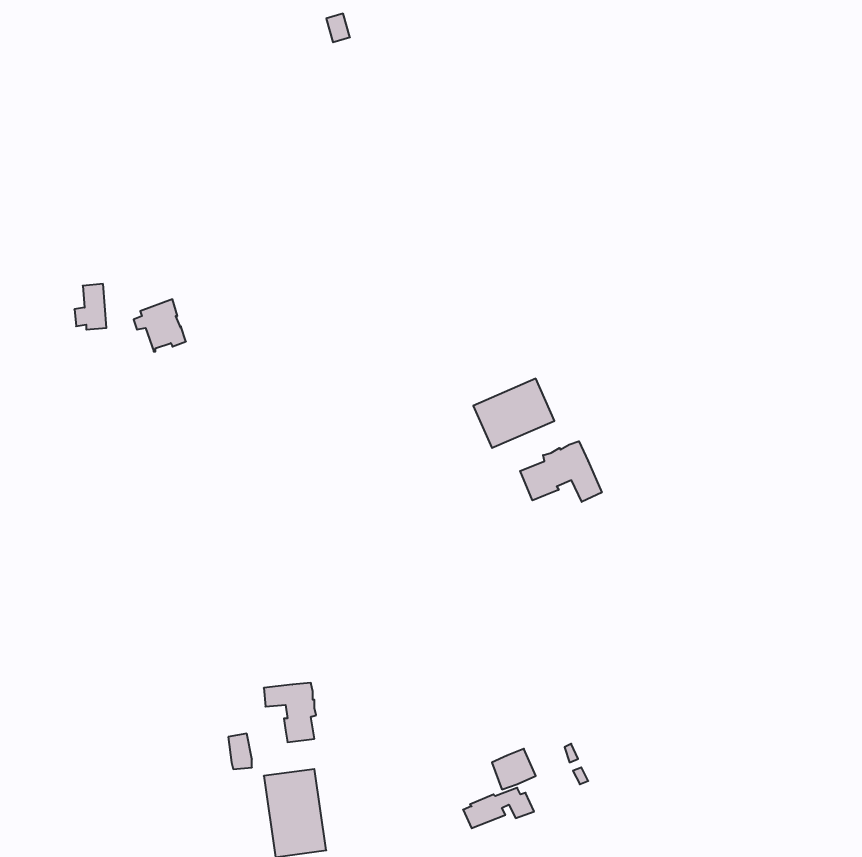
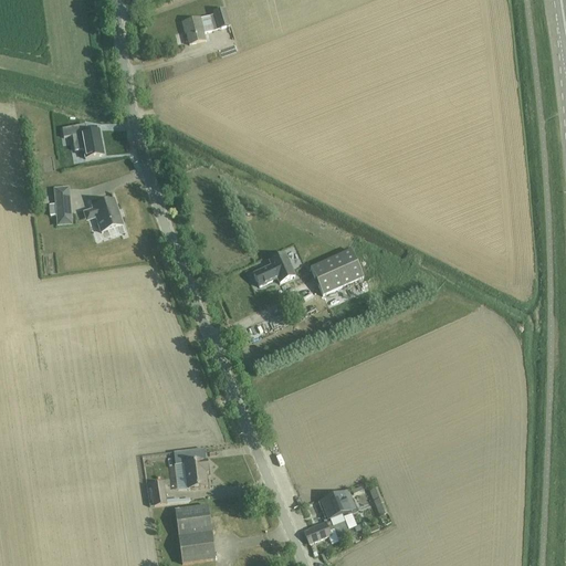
building: none -> [180,14,212,42]
building: none -> [61,122,103,156]
building: none -> [253,251,291,284]
building: [520,441,602,502] -> none

